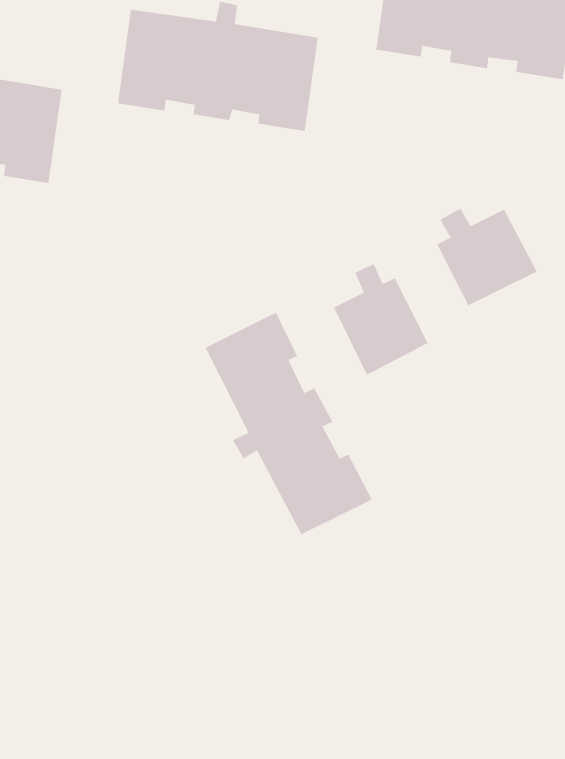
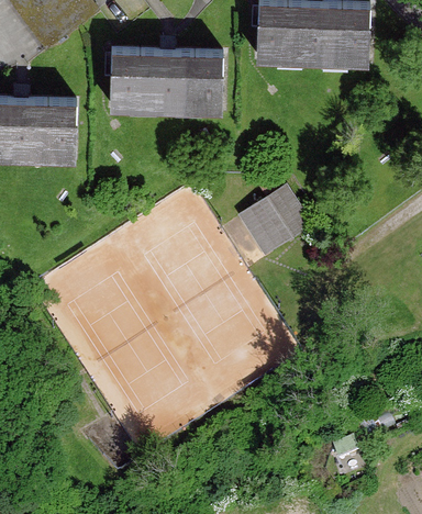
building: [437,208,537,306] -> none
building: [205,312,372,535] -> none

